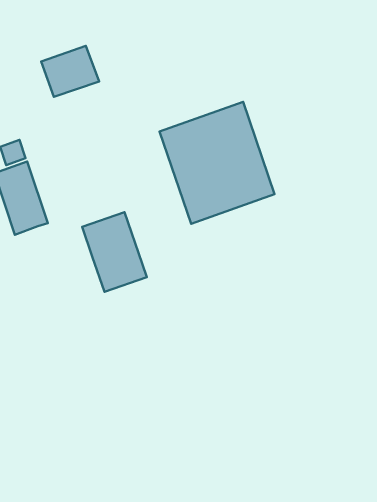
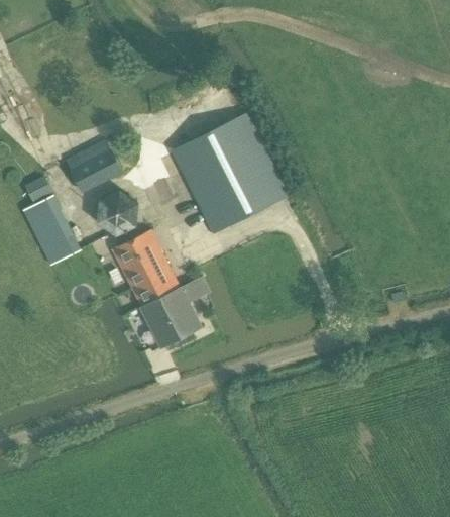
building: [41,46,99,97] -> [67,140,123,192]
building: none -> [98,190,138,235]
building: none -> [140,277,210,348]

